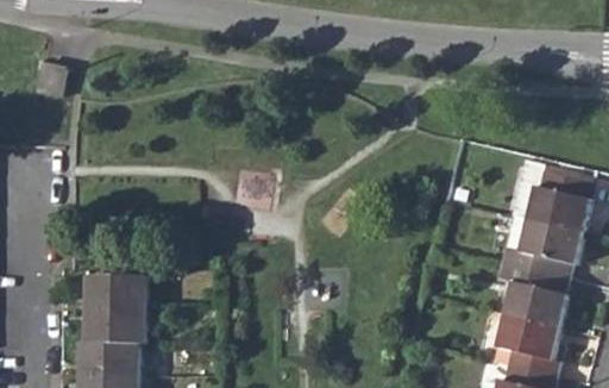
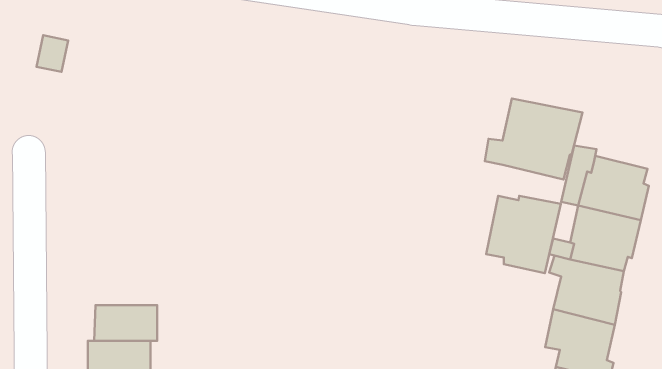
building: none -> [485,98,583,180]
building: none -> [486,196,561,273]
building: [88,277,145,311] -> none

